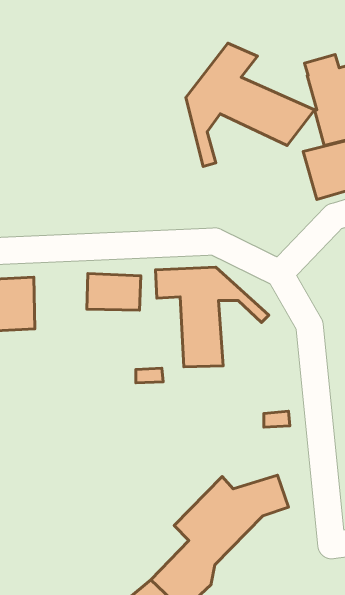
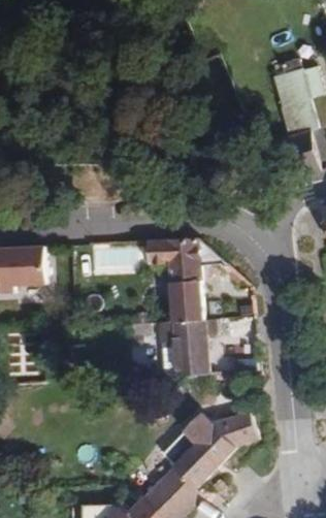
building: [186,43,314,167] -> none
building: none -> [162,318,222,375]

